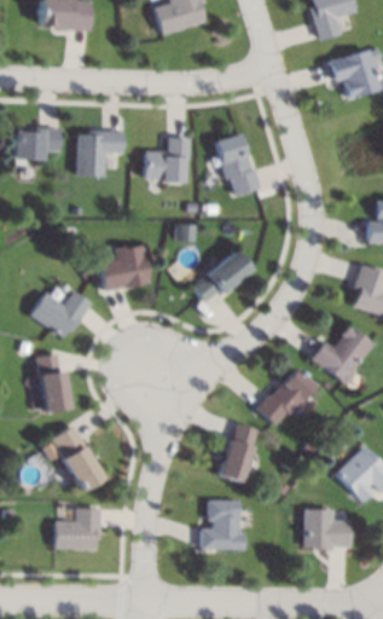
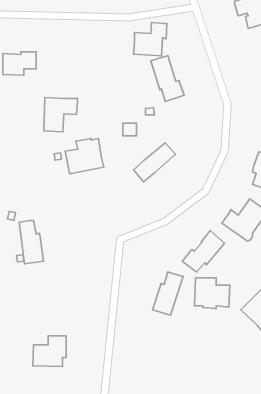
building: [80,131,124,177] -> [44,97,77,132]
building: [144,137,188,181] -> [134,23,167,56]
building: [33,291,93,337] -> none
building: [54,426,105,491] -> none
building: [201,499,245,549] -> none
building: [304,510,352,551] -> [195,278,230,308]

